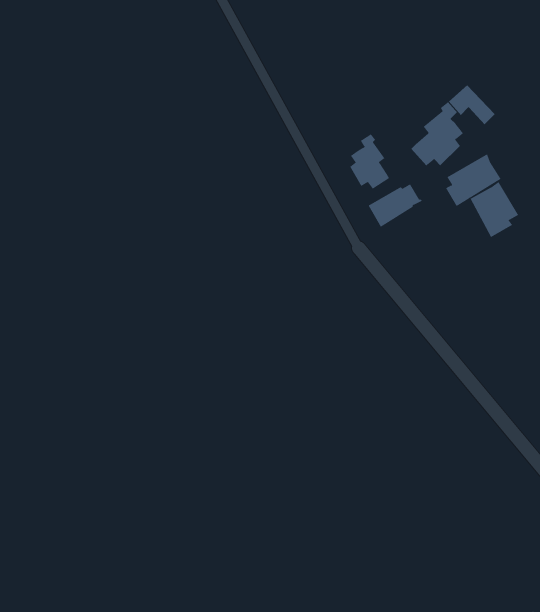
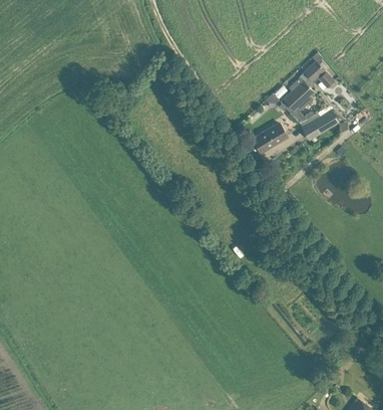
building: [349,133,390,190] -> none
building: [470,181,519,238] -> none

